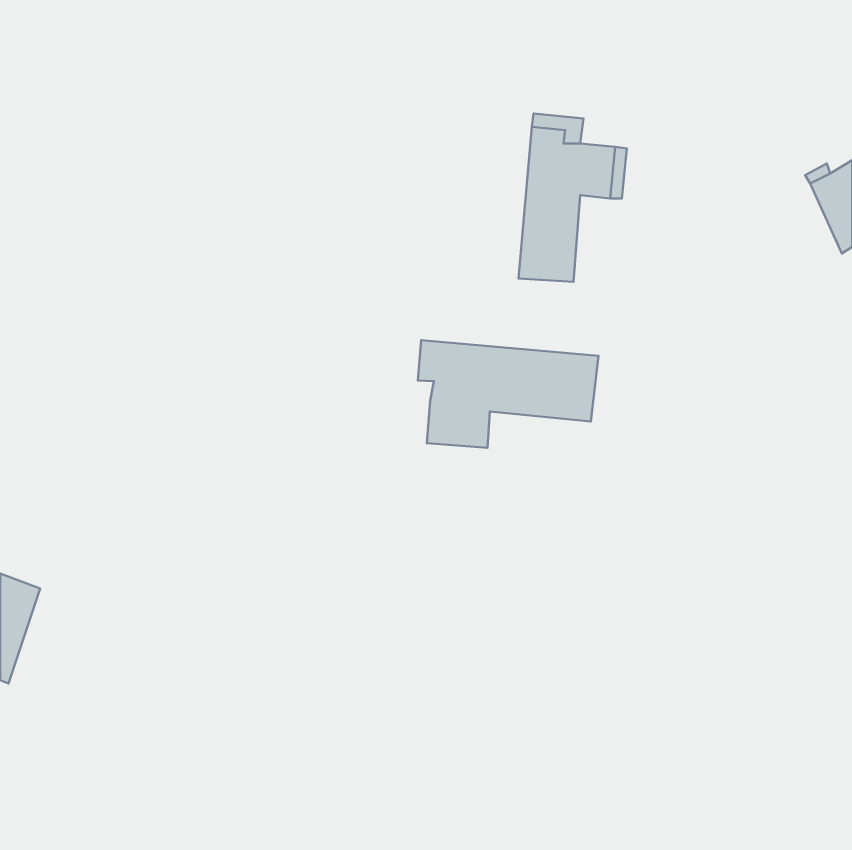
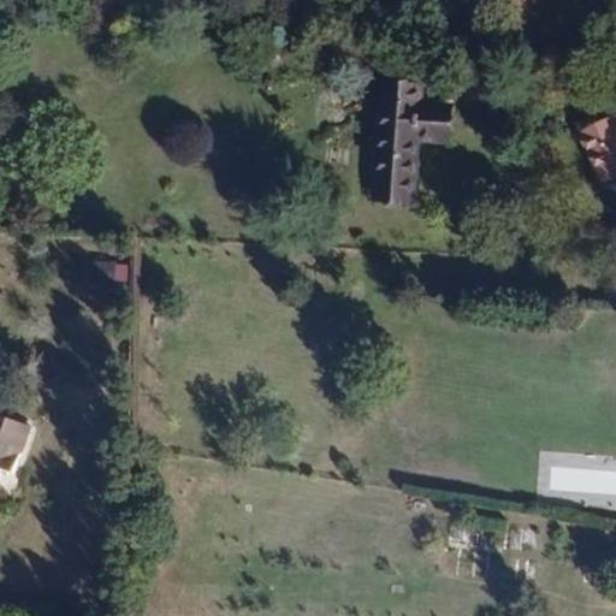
building: [418,340,598,448] -> none

